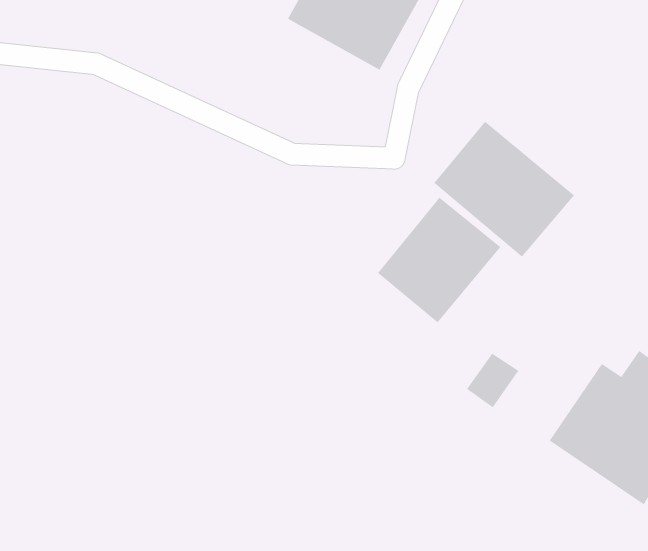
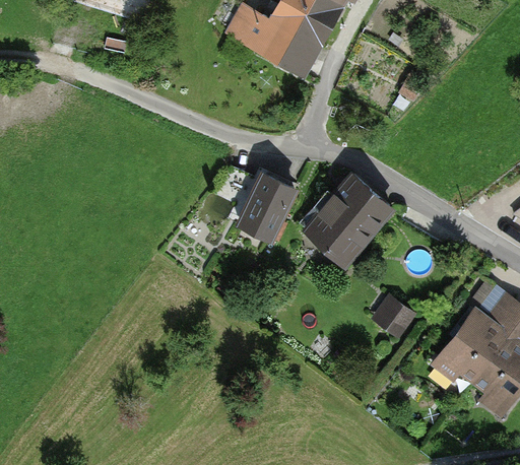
building: [434,121,575,258] -> none
building: none -> [230,173,298,242]

